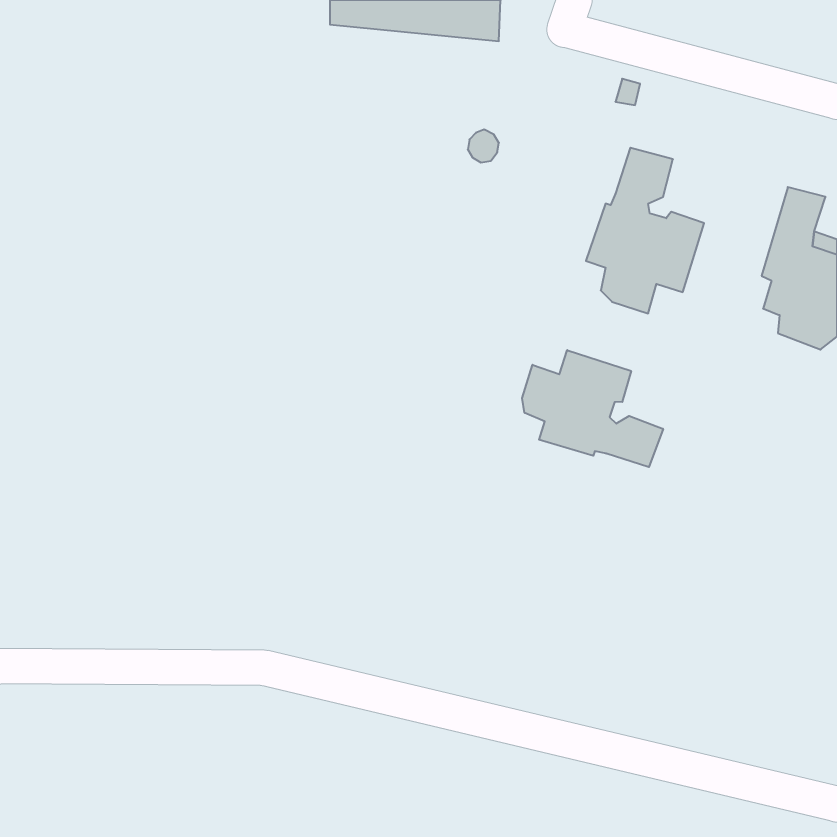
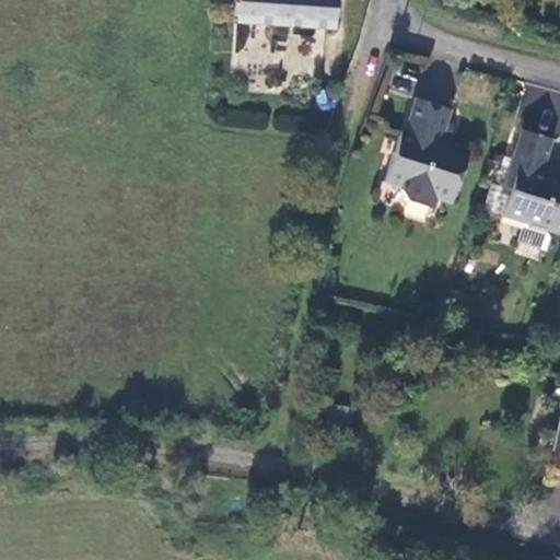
building: [522,350,663,467] -> none

